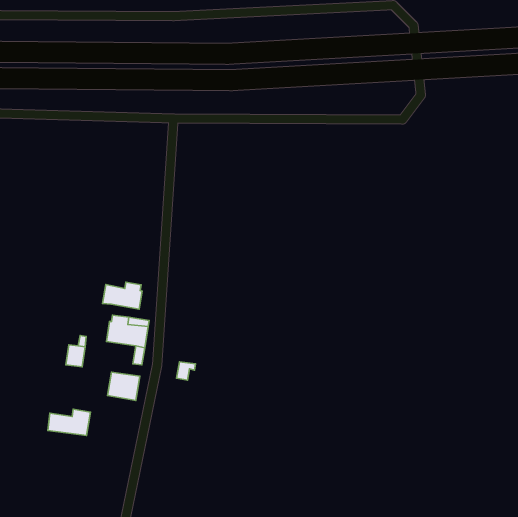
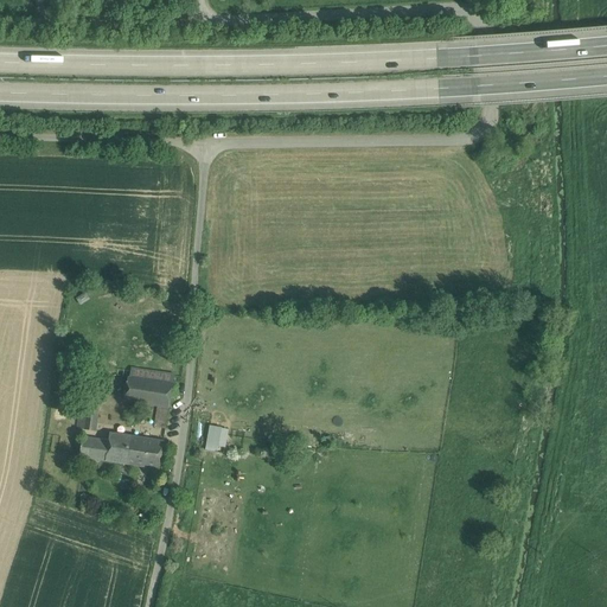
building: [102,282,142,309] -> none
building: [48,409,90,436] -> [81,432,130,462]

